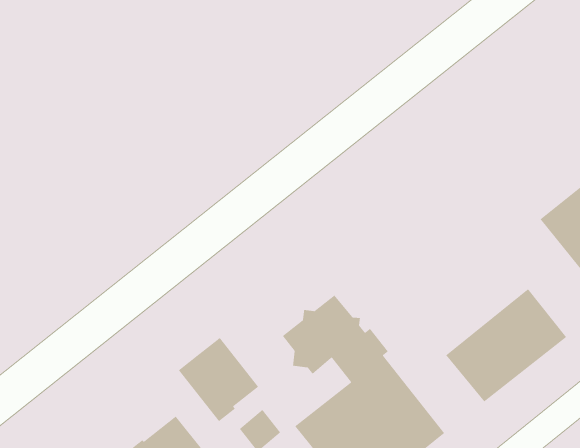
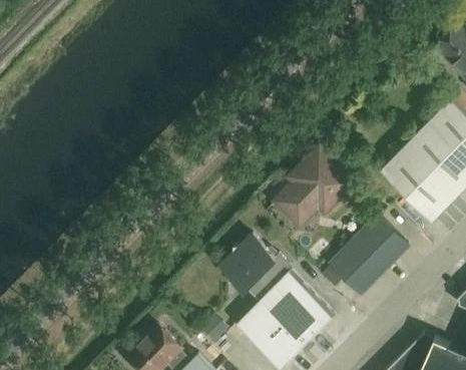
building: none -> [275,149,350,228]
building: [178,337,259,422] -> none

